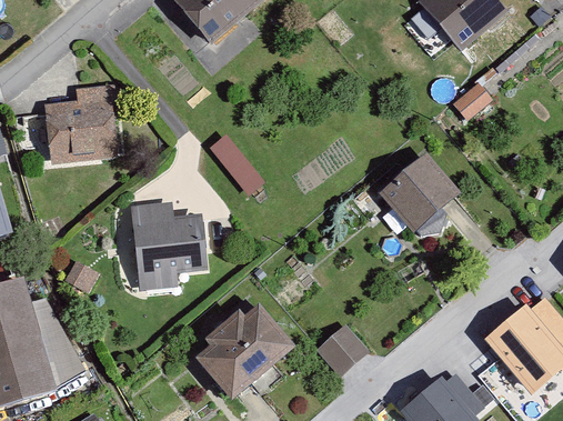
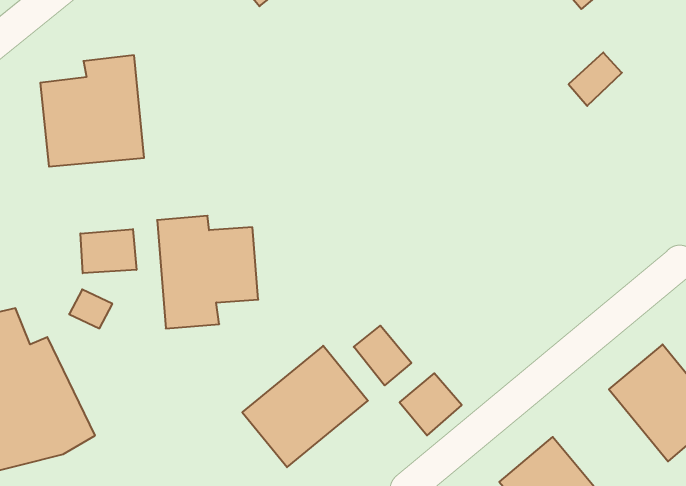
building: [209,133,265,198] -> none
building: [378,153,458,232] -> none
building: none -> [80,229,136,273]
building: none -> [354,326,411,385]

